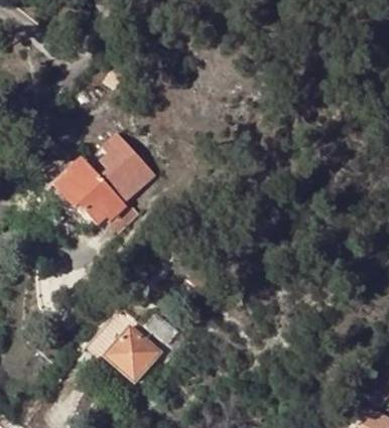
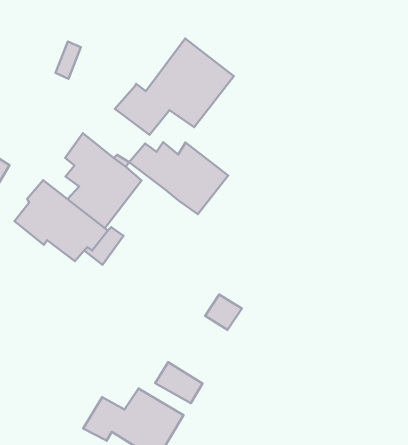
building: none -> [115,39,234,135]
building: none -> [129,142,228,214]

